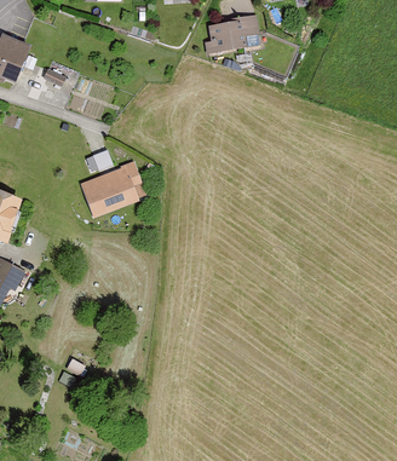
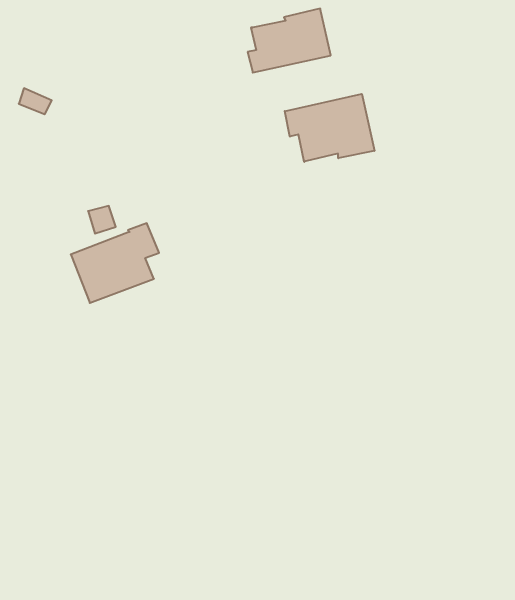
building: none -> [285,94,374,162]

